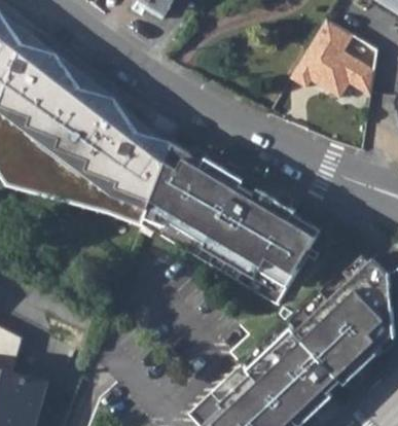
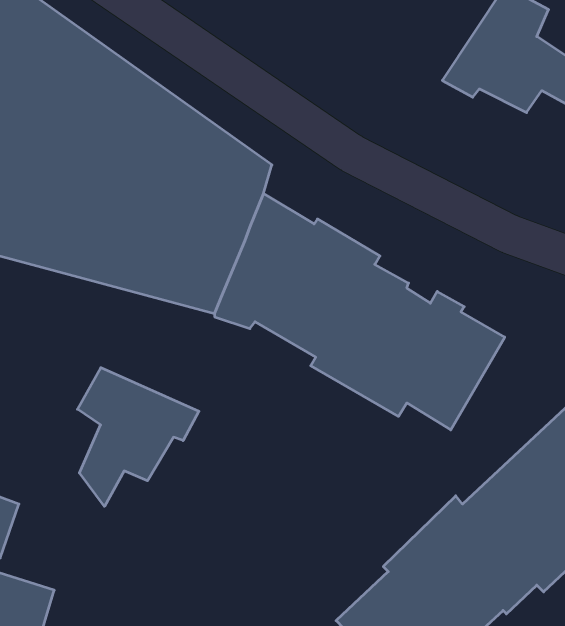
building: none -> [77,368,199,506]

